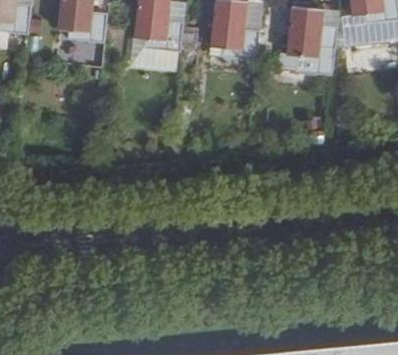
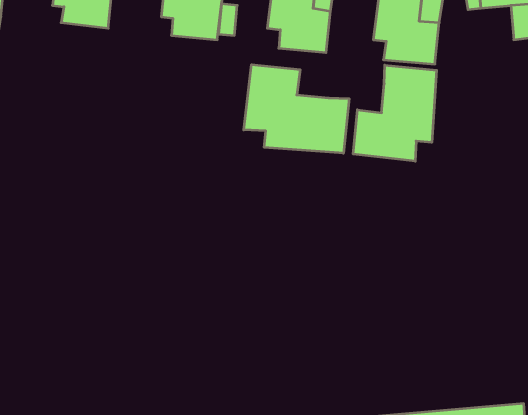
building: none -> [244,65,349,153]
building: none -> [353,65,437,161]

